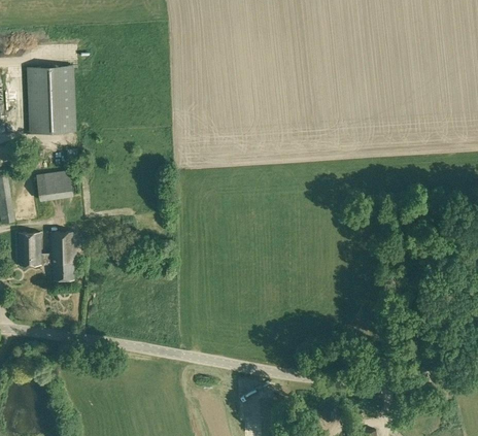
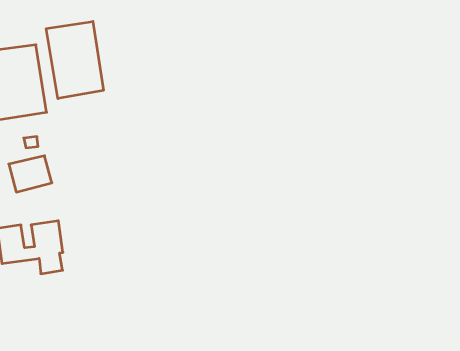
building: none -> [46,21,103,99]

